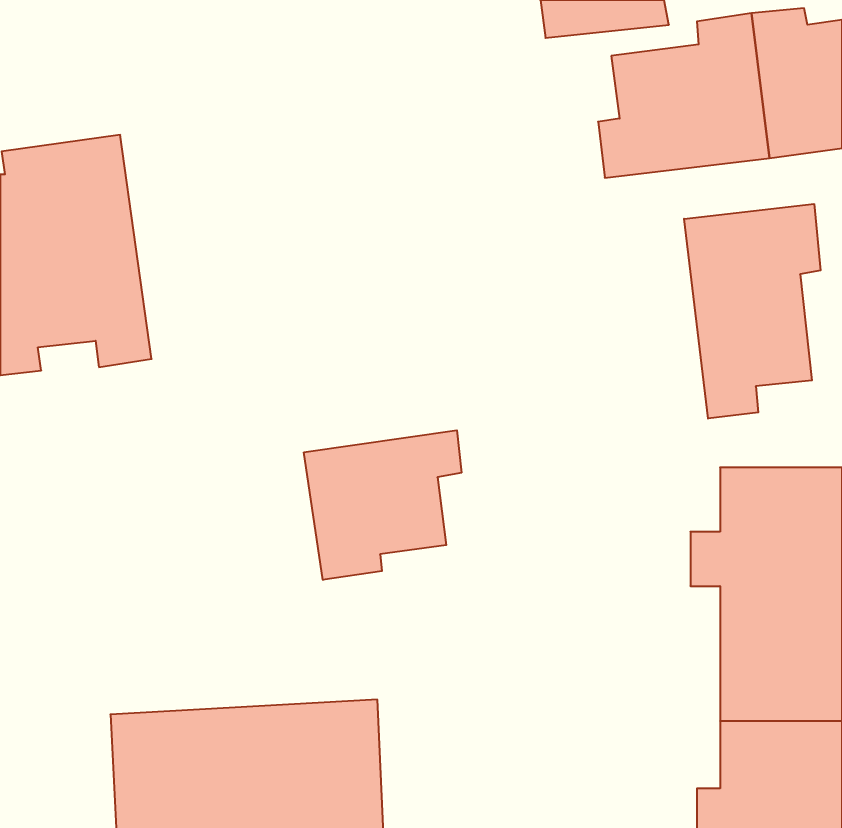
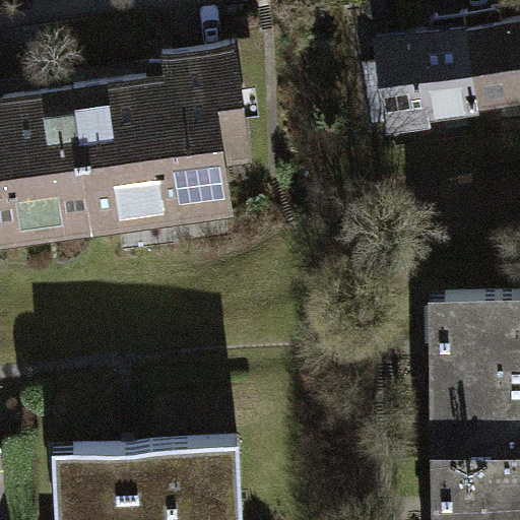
building: none -> [74,48,248,230]
building: [684,204,821,419] -> none
building: [304,430,461,580] -> none

